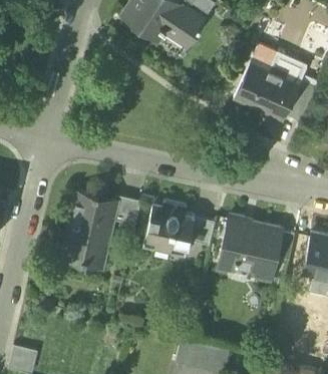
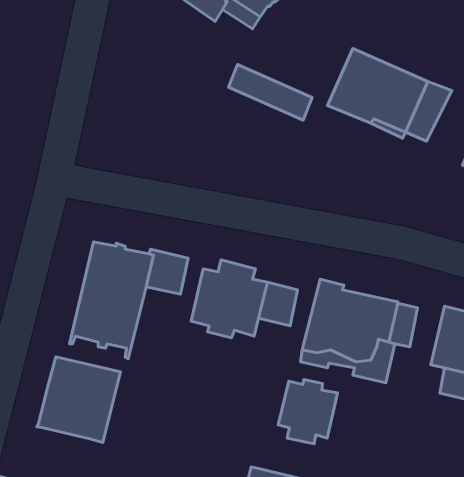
building: [251,45,307,82] -> [228,65,312,120]
building: none -> [37,357,120,442]
building: none -> [278,379,337,444]

